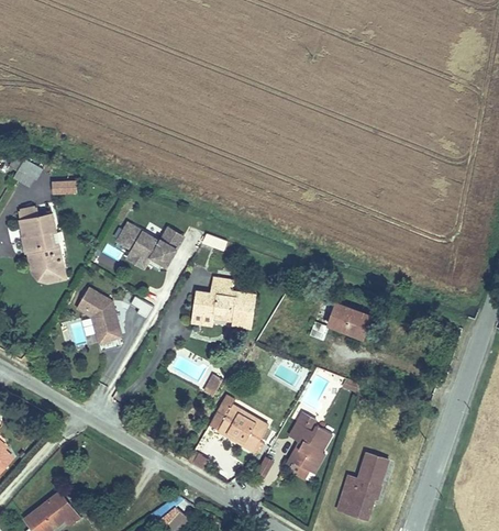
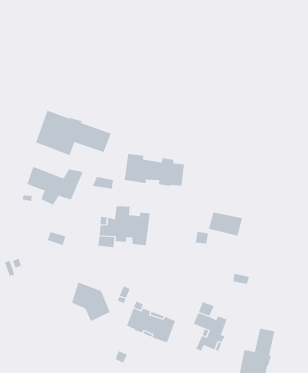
building: none -> [36,110,111,156]
building: none -> [124,153,185,187]
building: [77,281,123,332] -> [71,282,111,322]

